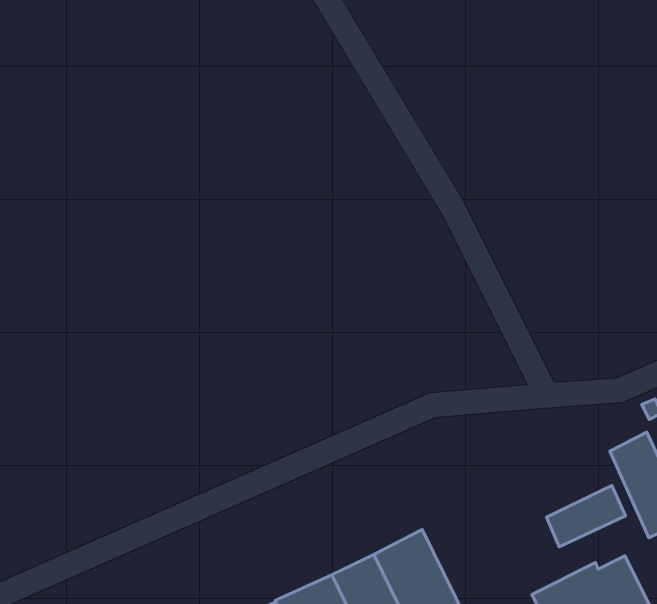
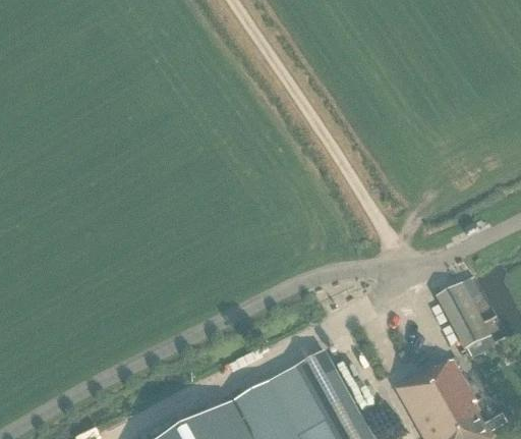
building: [547,485,625,547] -> none

